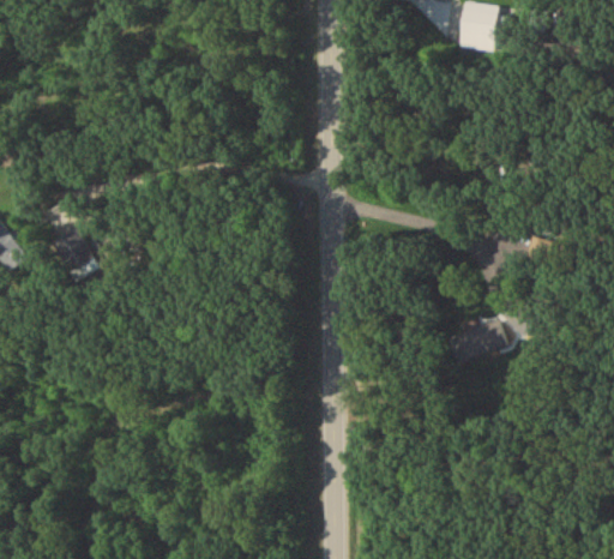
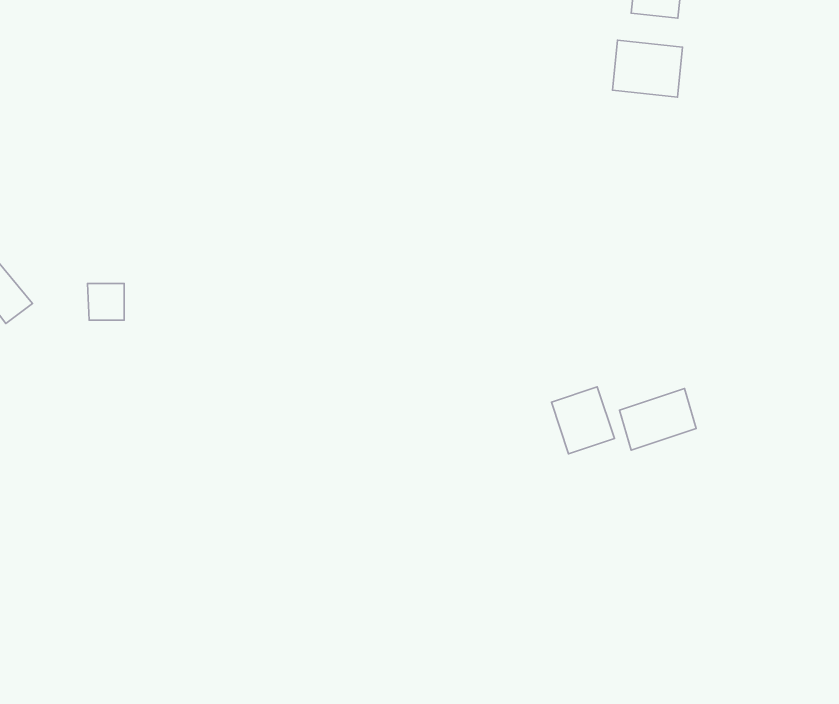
building: none -> [612,40,683,97]
building: none -> [551,387,614,454]

